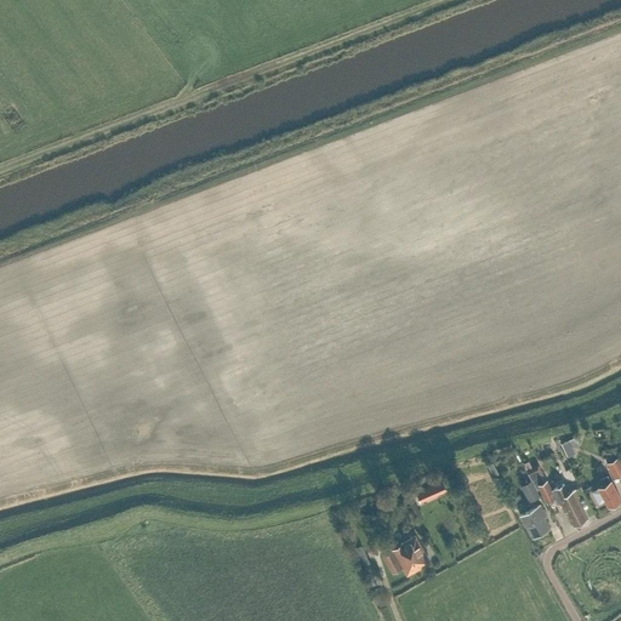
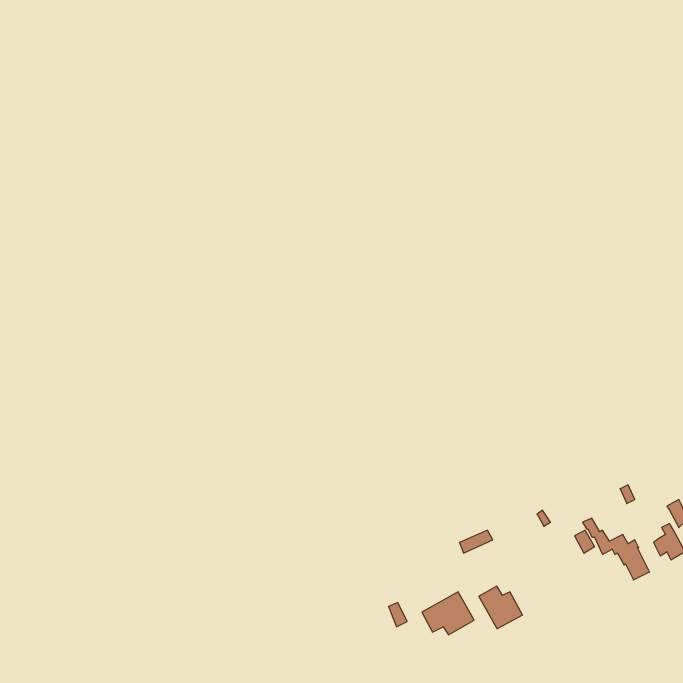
building: [522,505,551,539] -> none
building: none -> [479,586,522,629]

